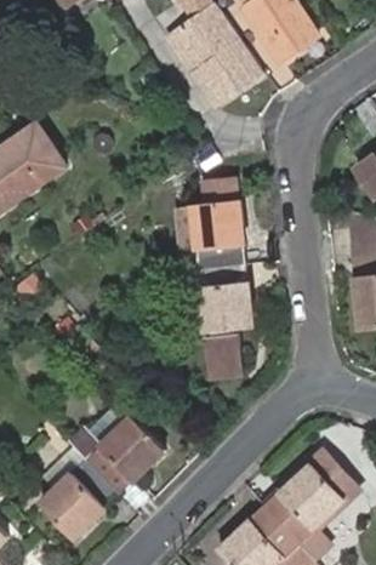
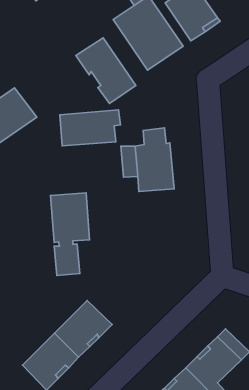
building: none -> [76,38,136,103]
building: none -> [60,110,121,146]
building: [200,263,253,376] -> [51,193,90,275]

